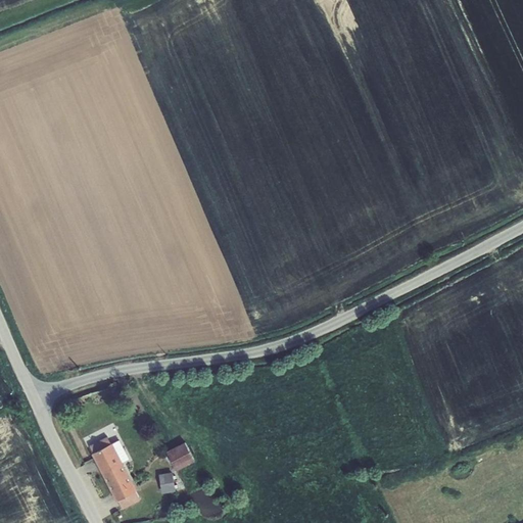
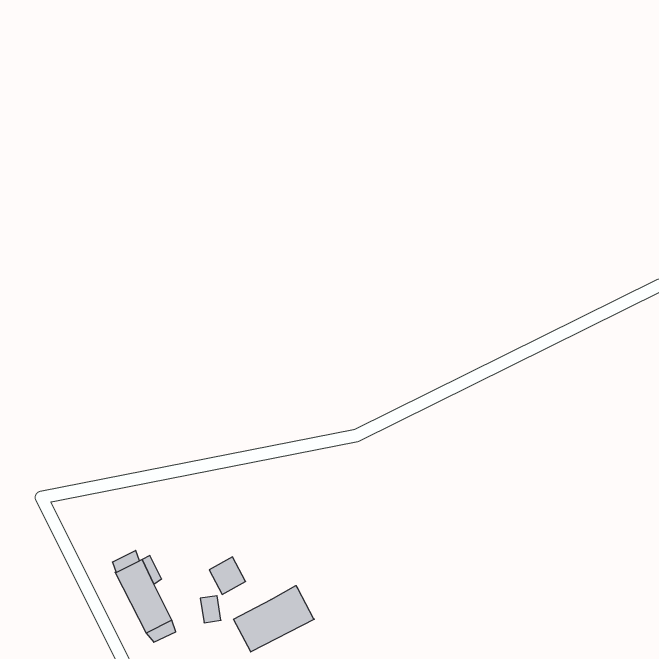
building: none -> [234,586,314,652]

